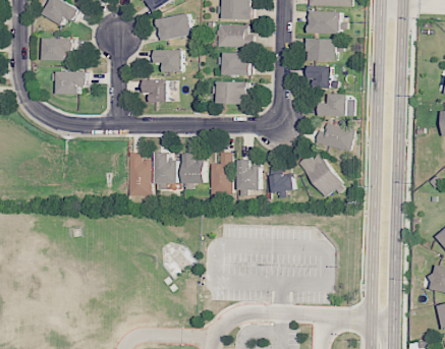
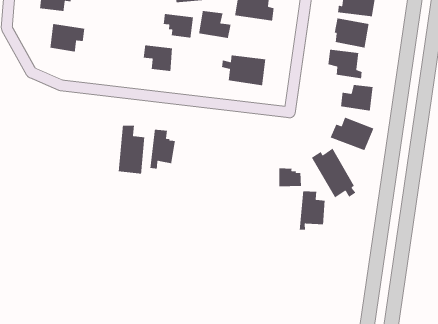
building: [222,53,251,75] -> [198,10,232,39]
building: [210,153,232,194] -> none
building: [184,155,206,189] -> none
building: [238,159,261,195] -> [299,190,325,230]

